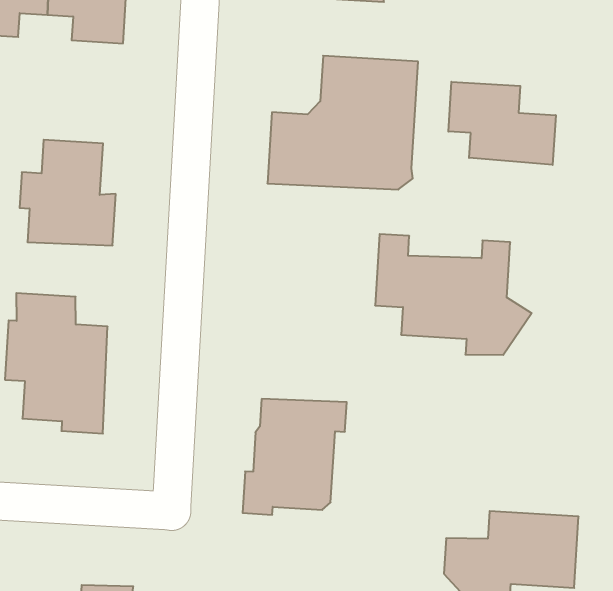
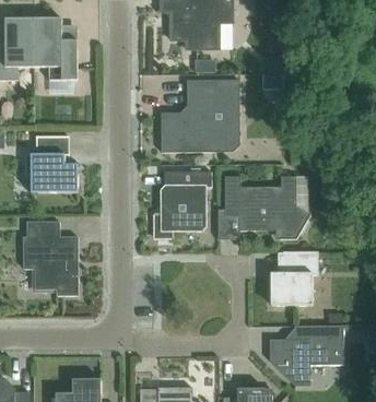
building: [448,82,556,165] -> none
building: none -> [270,251,317,305]
building: [243,399,347,515] -> [156,170,210,235]

